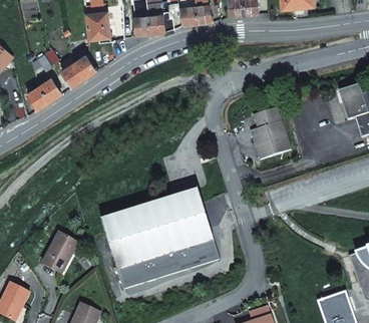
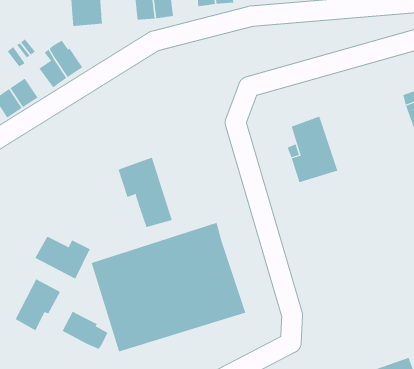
building: none -> [118,157,173,228]
building: none -> [34,236,90,280]
building: none -> [62,311,108,350]

